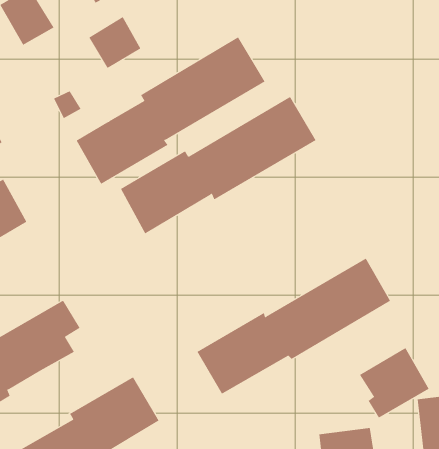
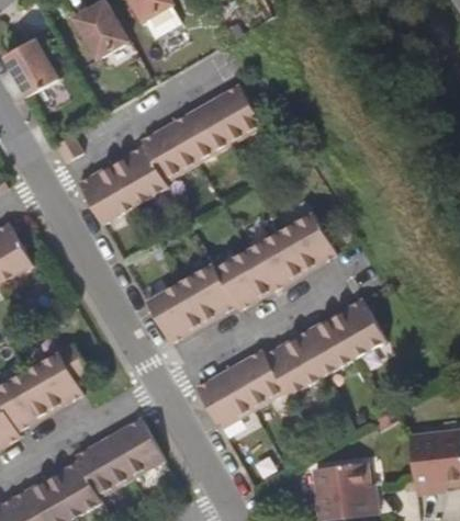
building: [88,16,141,69] -> none
building: [120,96,316,234] -> [146,213,337,347]
building: [359,347,429,419] -> none

